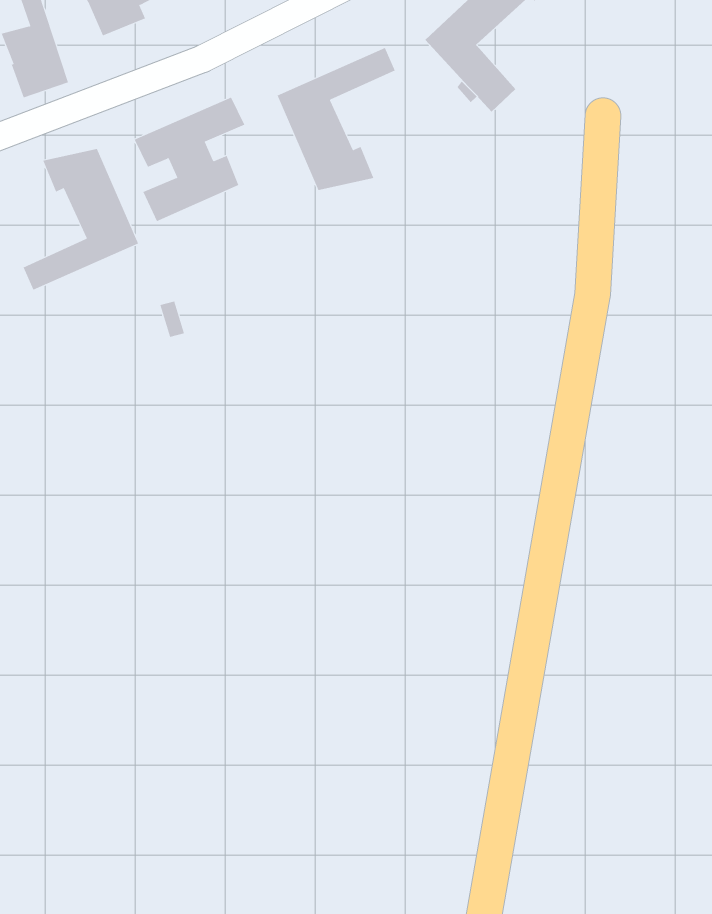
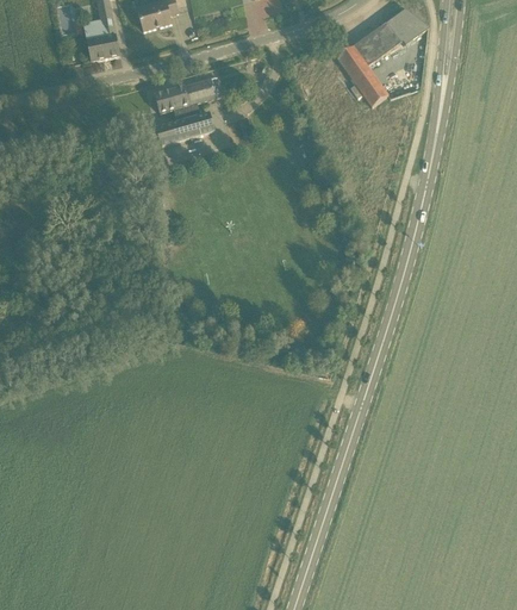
building: [277,47,395,191] -> none
building: [23,148,139,290] -> none

